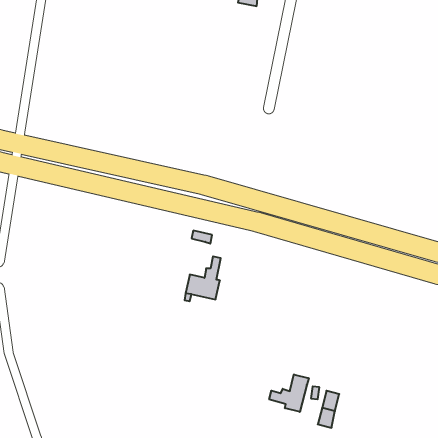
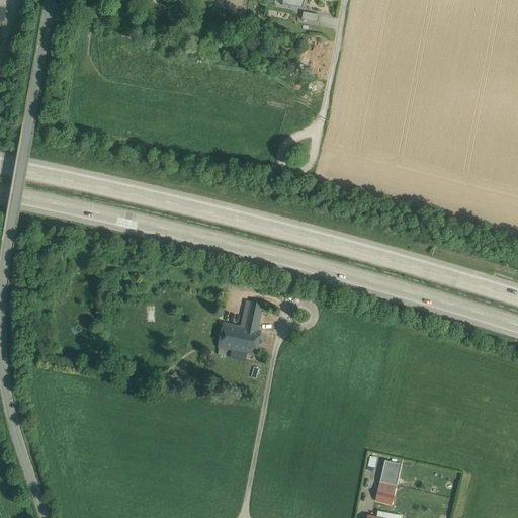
building: [269,374,309,412] -> none

